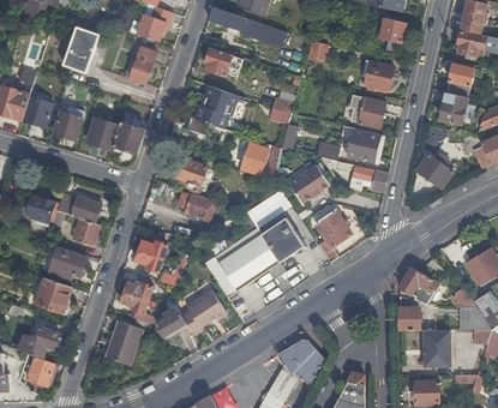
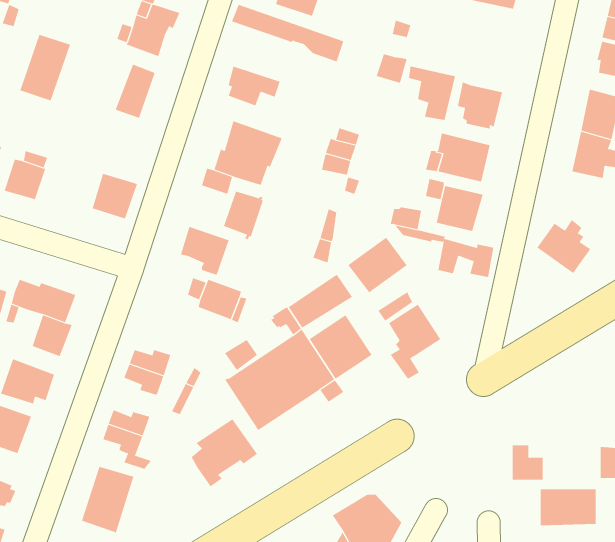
building: [373,14,406,52] -> [408,66,456,120]
building: [86,116,119,149] -> none
building: [241,143,269,176] -> [223,191,264,240]
building: [398,266,438,296] -> none
building: [151,306,185,338] -> none

